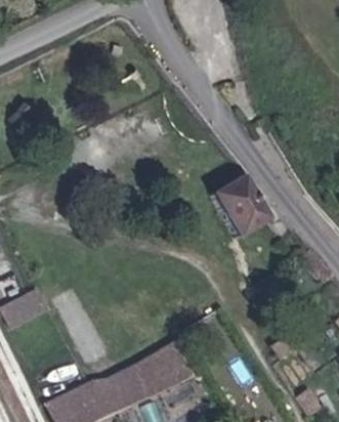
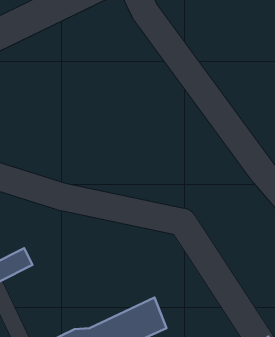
building: [213,169,269,231] -> none

